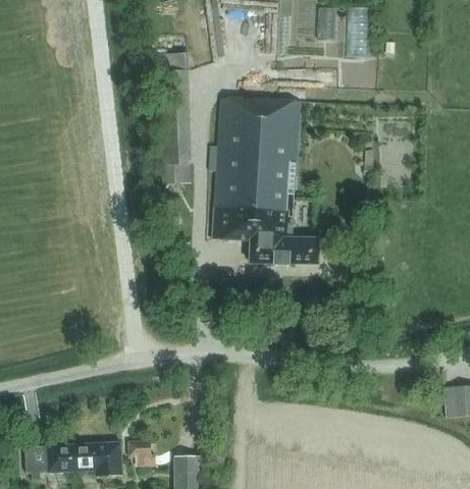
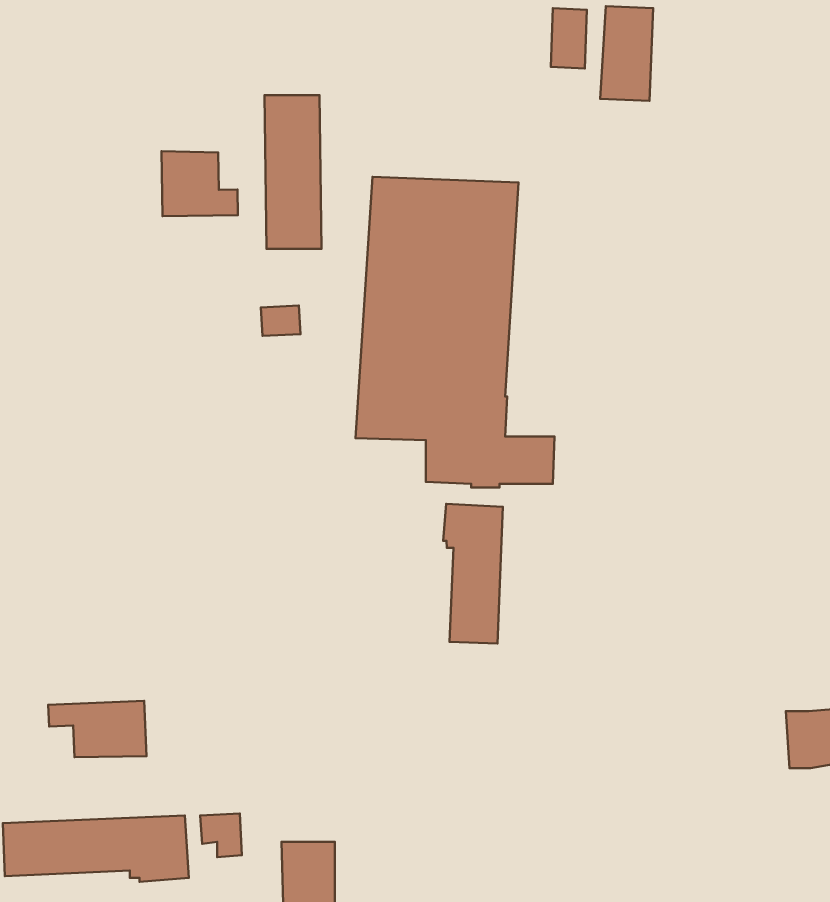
building: none -> [162,151,238,216]
building: none -> [443,504,503,643]
building: none -> [48,701,147,757]

